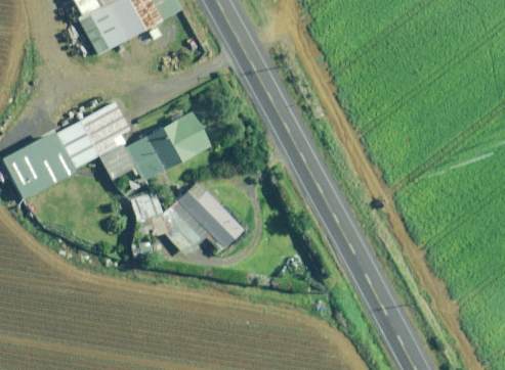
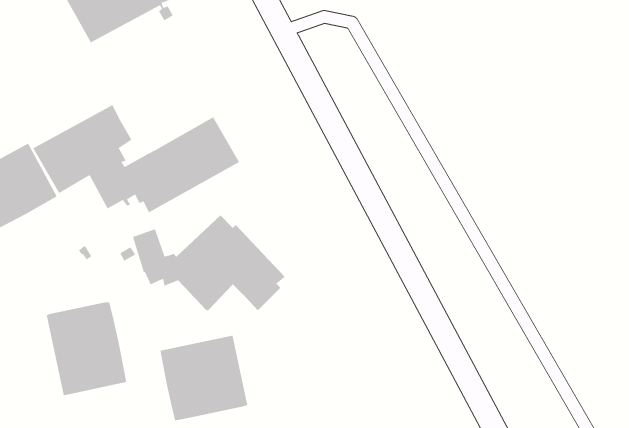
building: none -> [46,301,127,396]
building: none -> [160,335,248,421]

